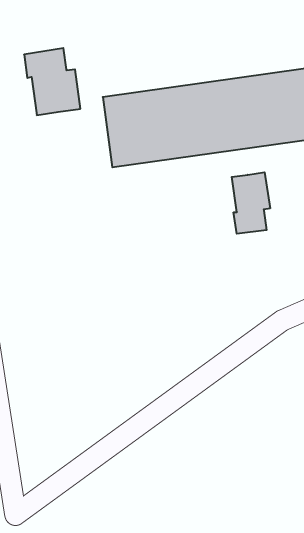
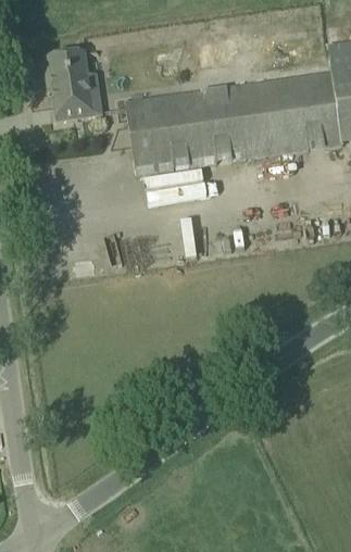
building: [232,172,270,234] -> none

